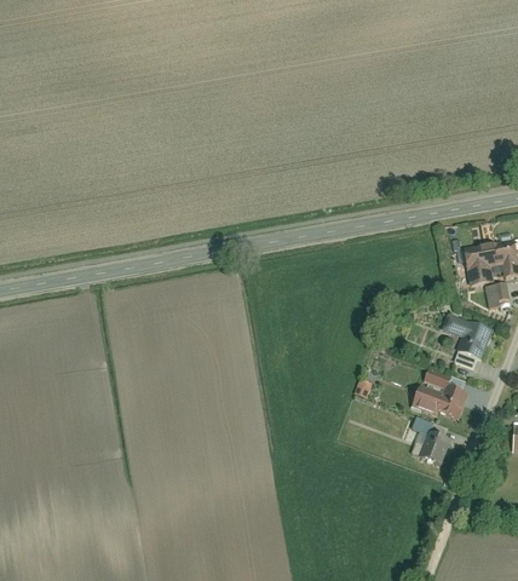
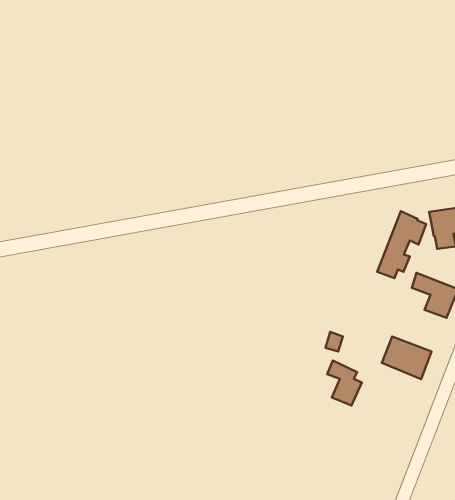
building: none -> [377,211,426,278]
building: [415,418,451,465] -> [327,360,362,405]

